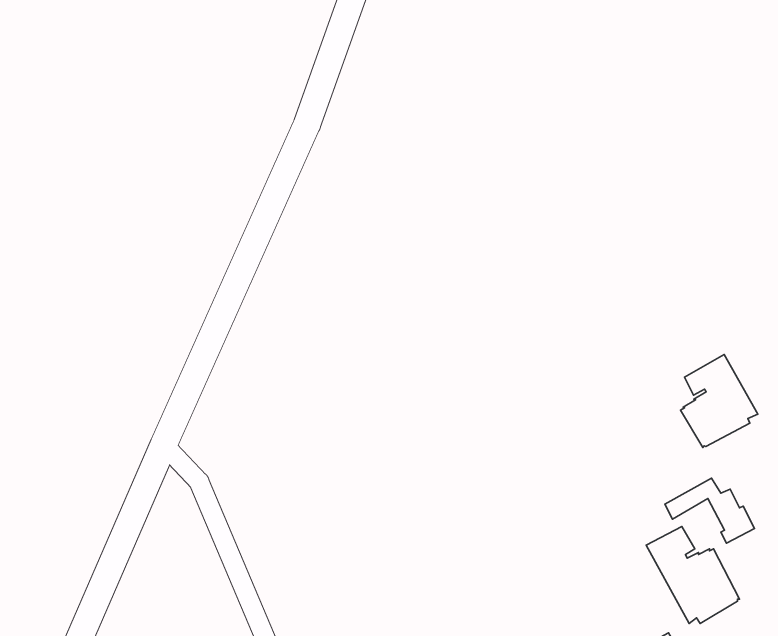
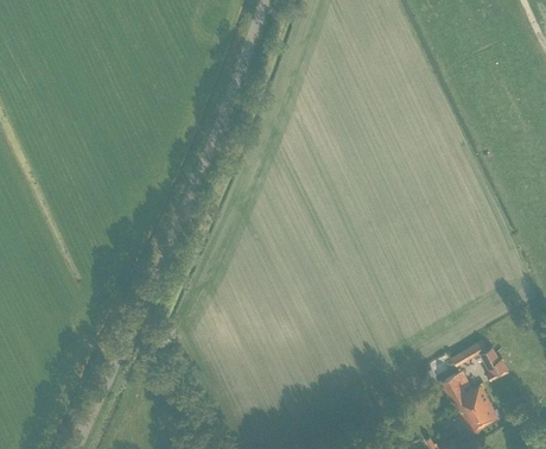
building: [680,354,758,447] -> none

